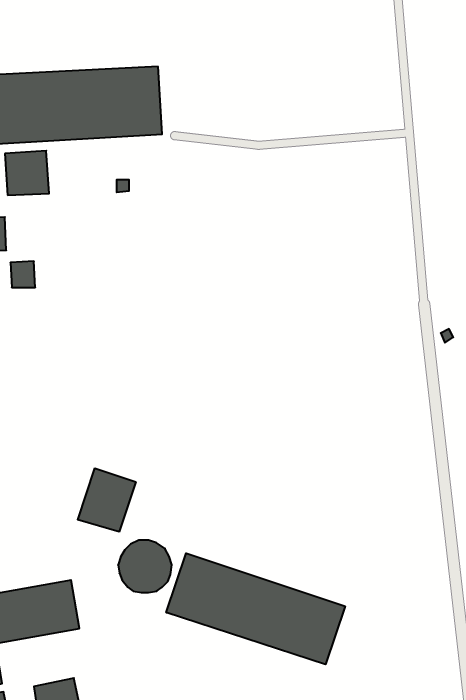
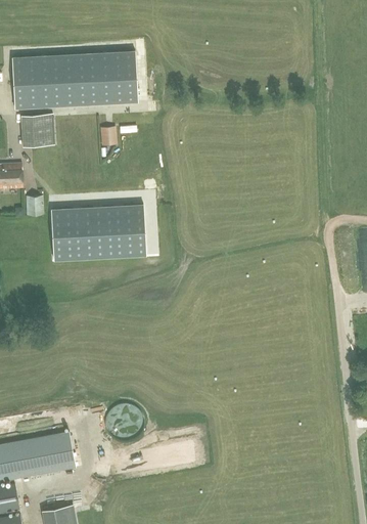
building: none -> [51,204,146,260]
building: [78,468,136,532] -> none
building: [166,553,345,664] -> none

